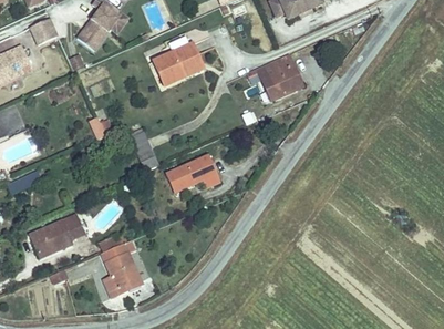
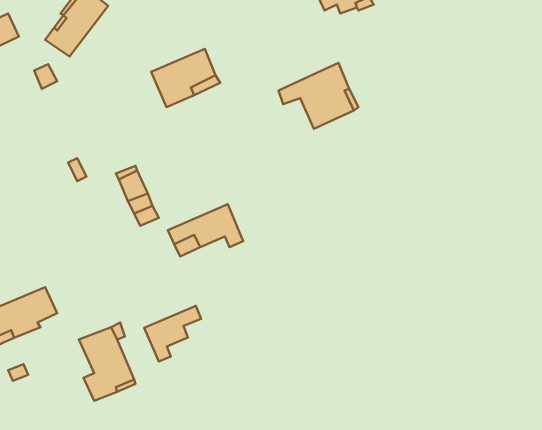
building: none -> [144,306,201,361]

